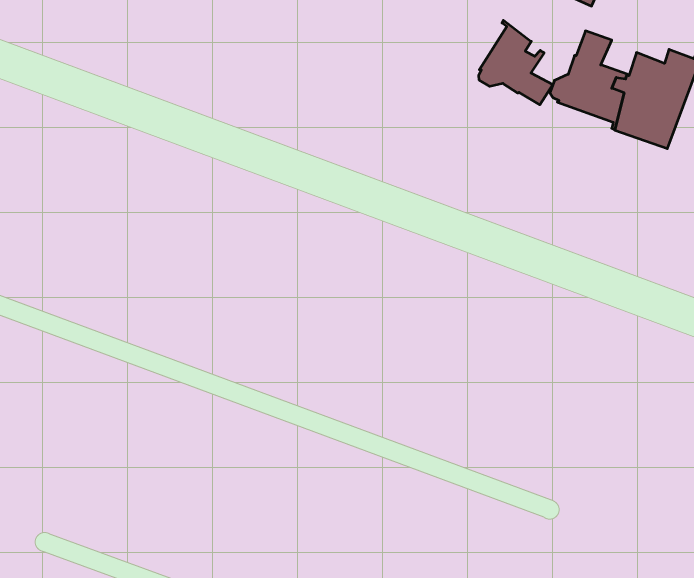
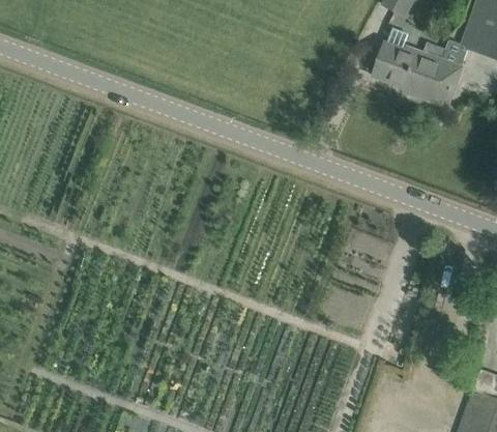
building: [479,20,553,105] -> none

